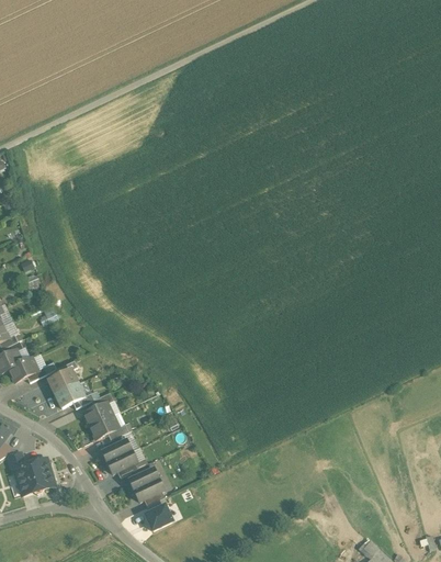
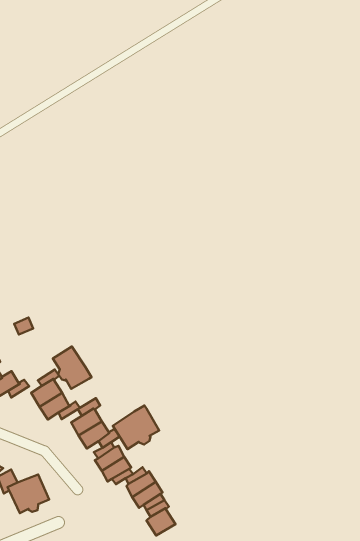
building: none -> [53,347,91,389]
building: none -> [113,405,159,449]

